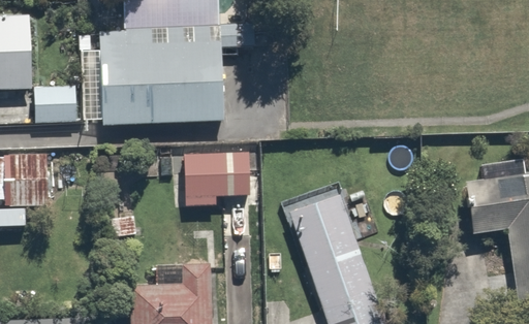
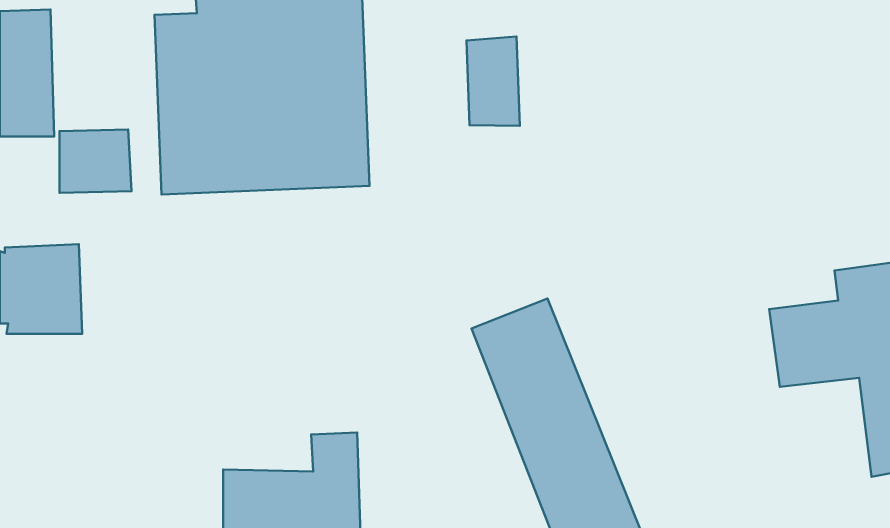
building: none -> [466,37,520,126]
building: [187,153,252,206] -> none

